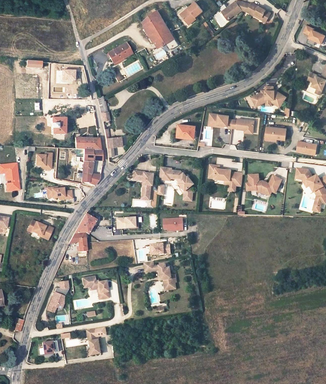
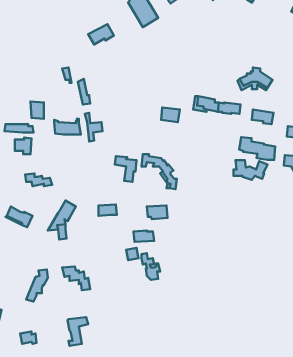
building: [82,149,102,184] -> none
building: [208,164,243,186] -> [239,137,275,160]

